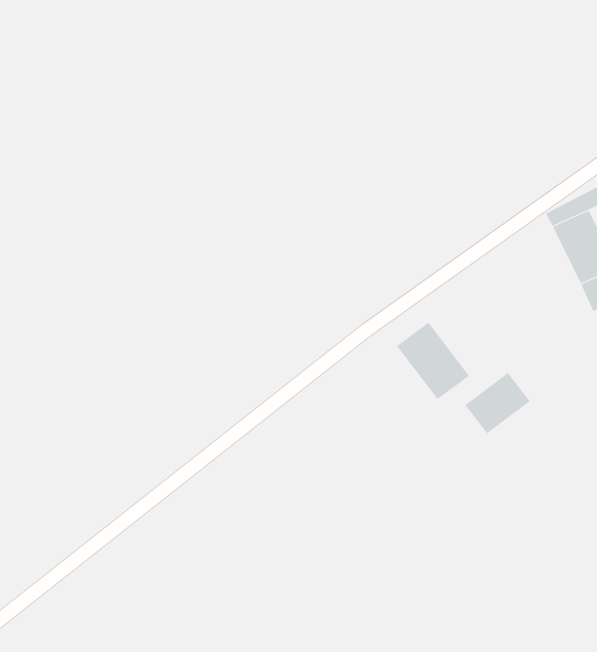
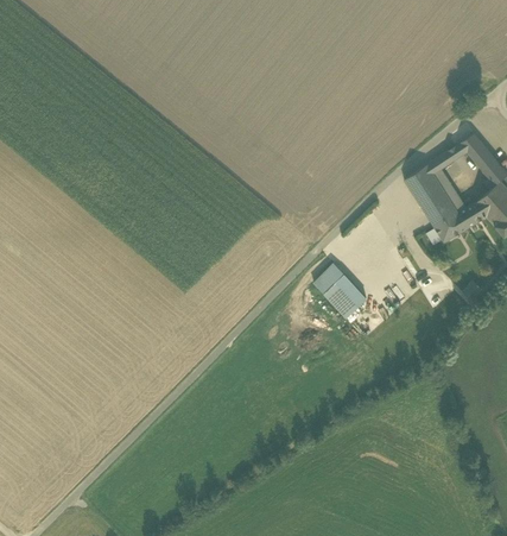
building: [465,372,530,434] -> none

